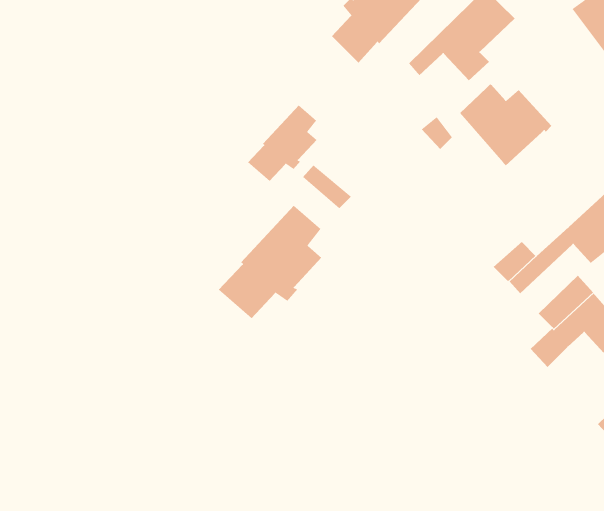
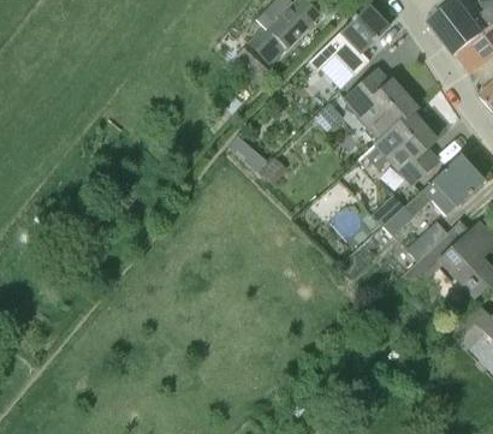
building: [247,105,317,182] -> none
building: none -> [366,113,439,186]
building: [218,205,322,319] -> none

